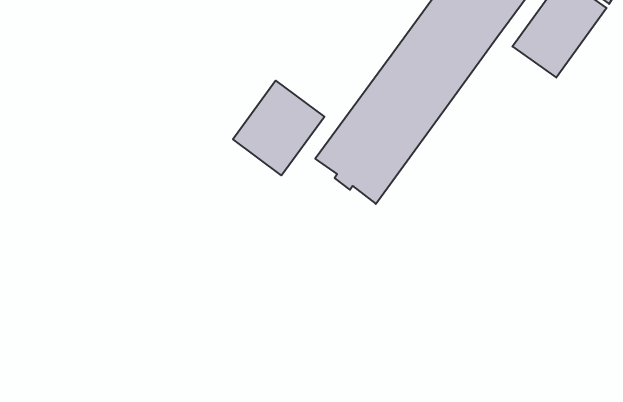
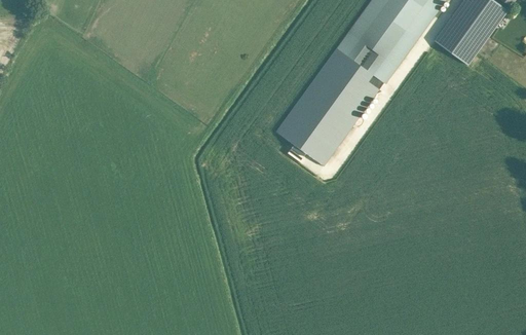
building: [233,81,324,175] -> none

